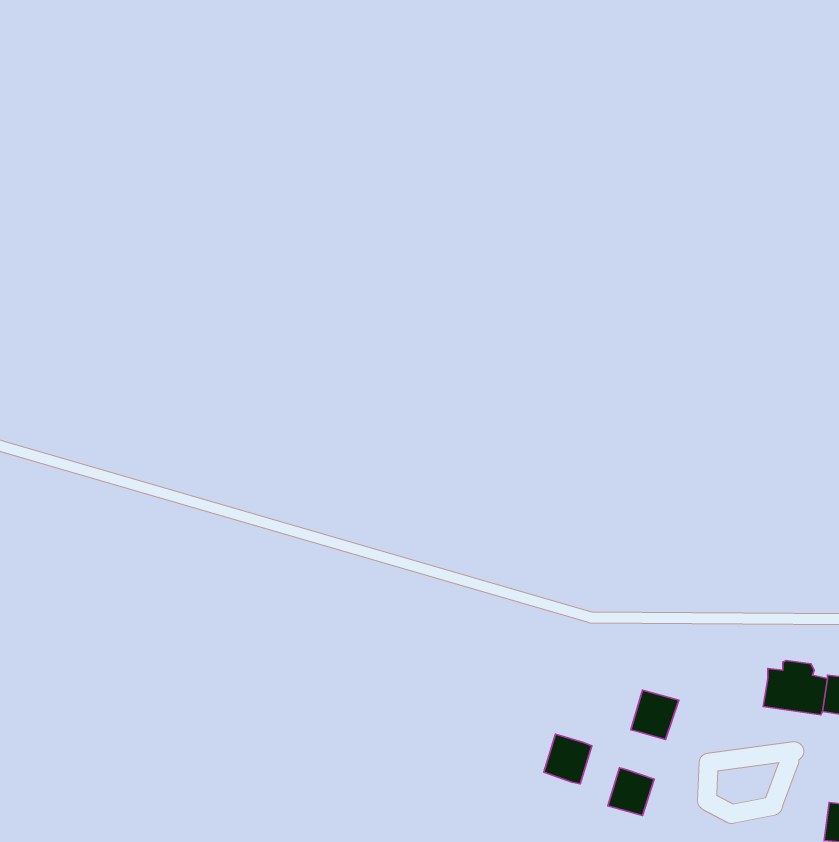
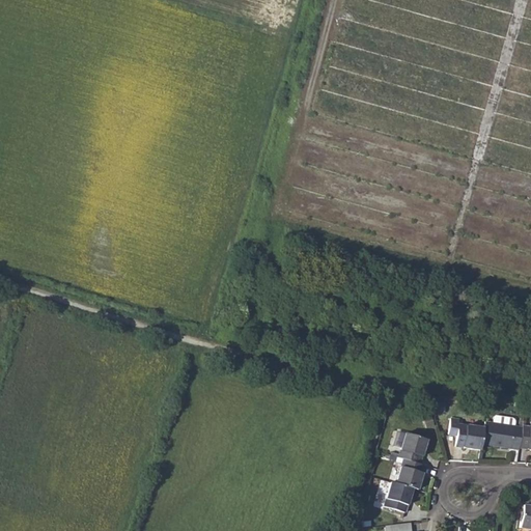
building: none -> [449,417,485,450]
building: [544,734,592,784] -> [396,459,426,491]

